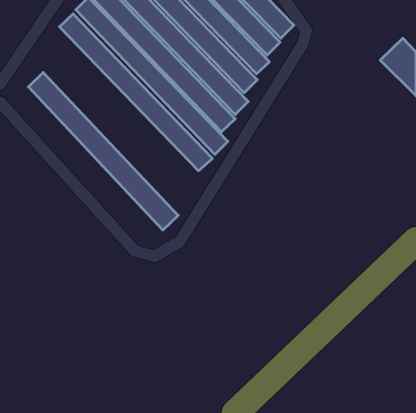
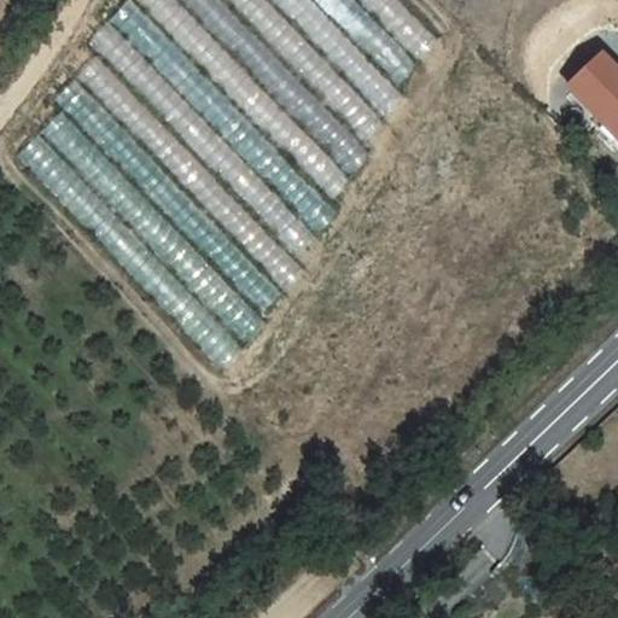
building: none -> [77,52,303,285]
building: none -> [54,76,281,309]
building: none -> [17,132,239,365]

